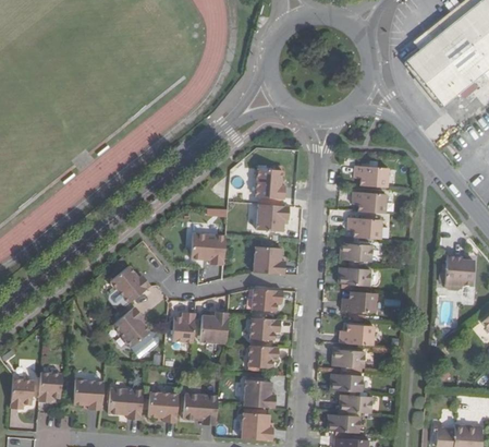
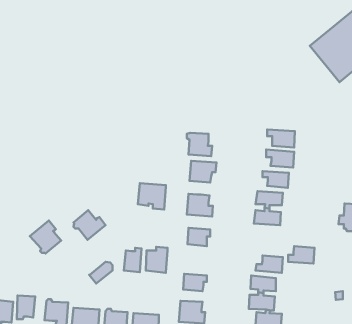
building: [342,290,375,312] -> [288,246,314,264]
building: [112,305,151,347] -> [30,221,61,254]
building: [250,317,280,339] -> none

